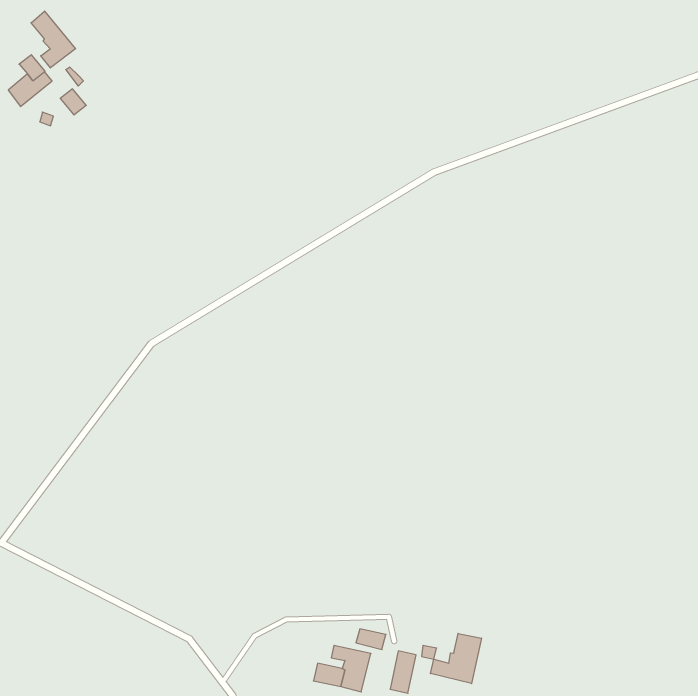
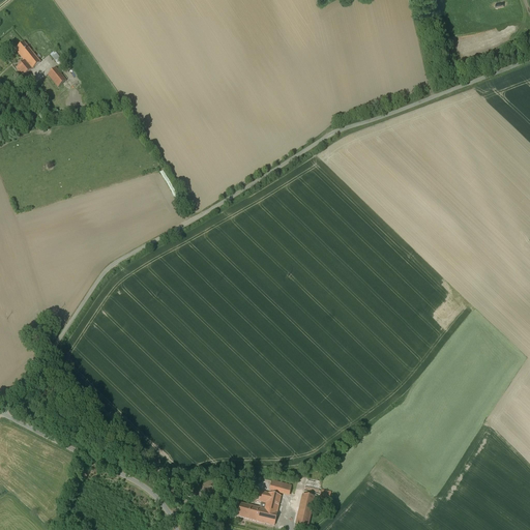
building: [31,11,76,68] -> none
building: [430,633,481,684] -> none

